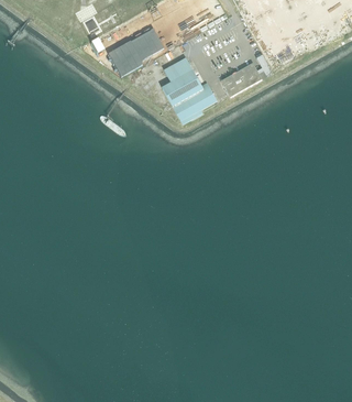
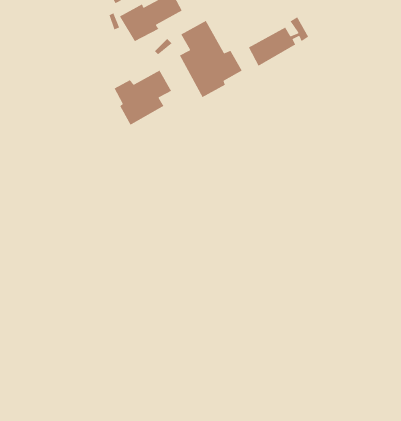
building: none -> [113,69,172,126]

